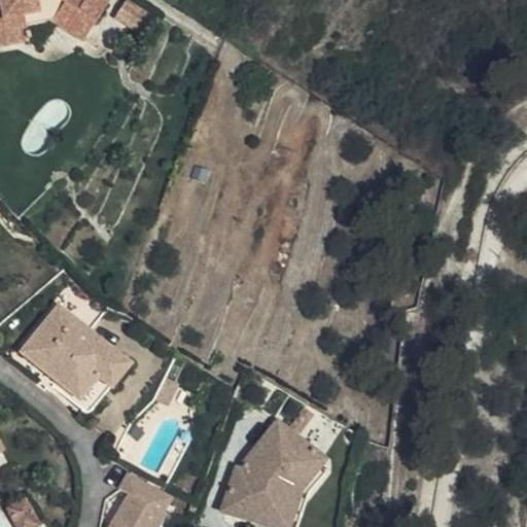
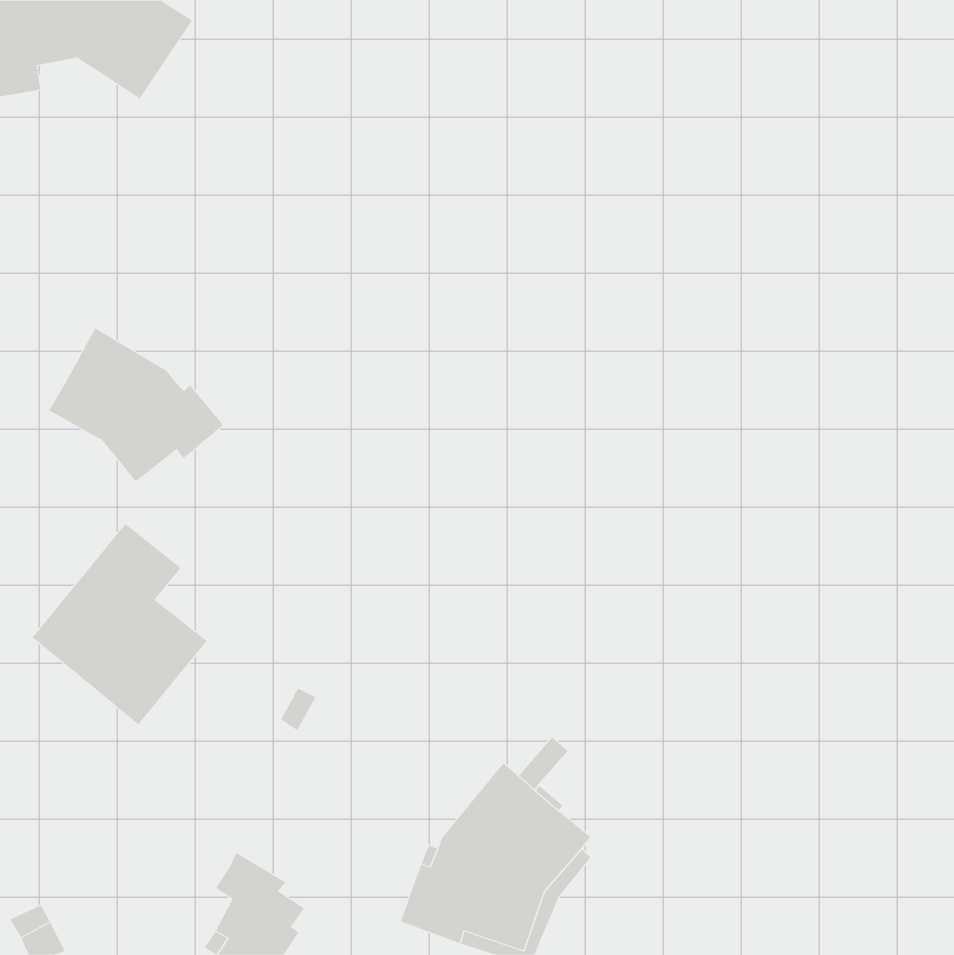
building: none -> [49,328,224,482]
building: [48,353,126,411] -> none

